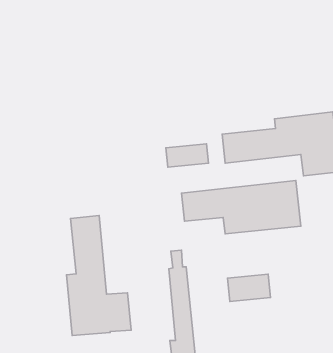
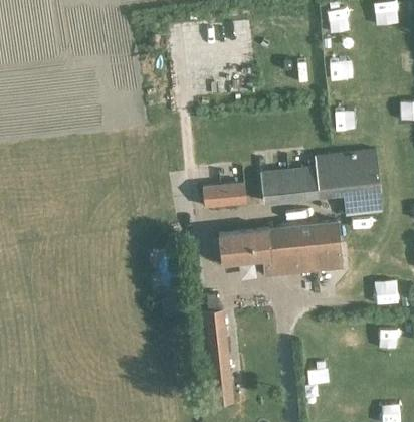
building: [67,215,131,336] -> none
building: [228,274,270,302] -> none

